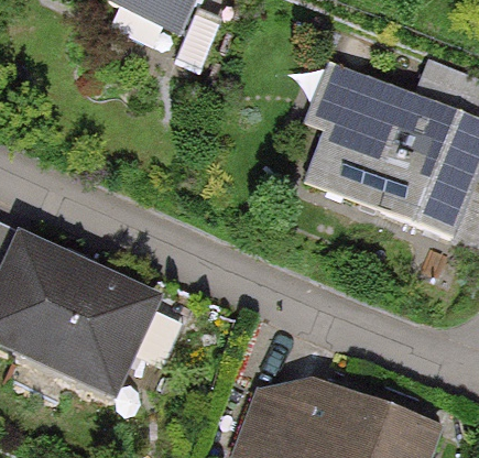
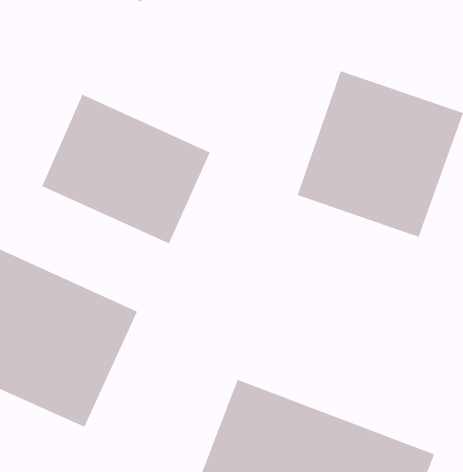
building: none -> [42,94,211,244]

